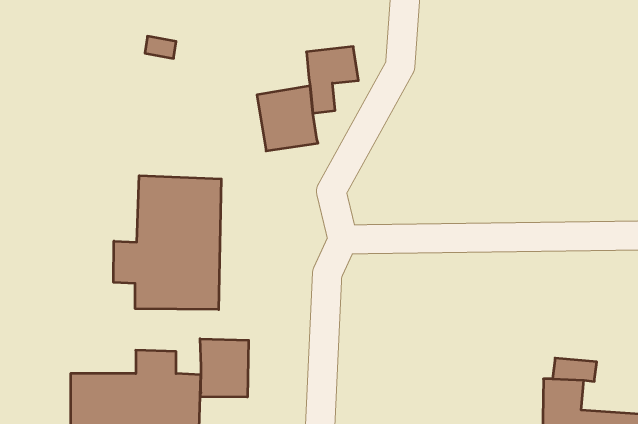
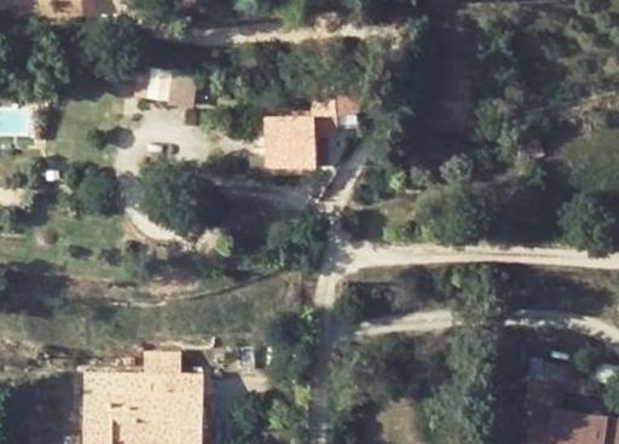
building: [114,176,221,310] -> none
building: [200,339,249,397] -> none

